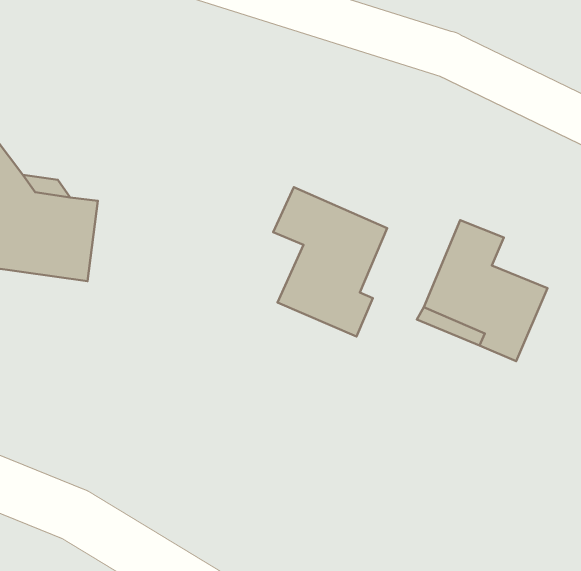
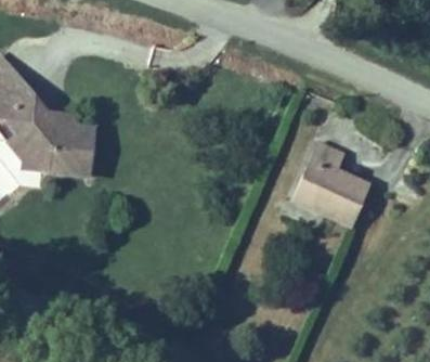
building: [273,187,387,337] -> none

